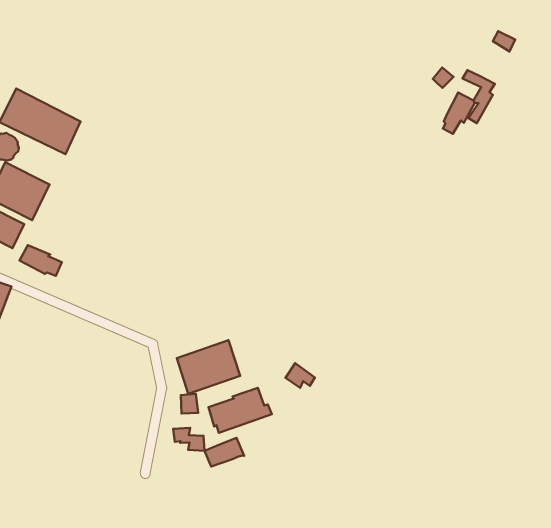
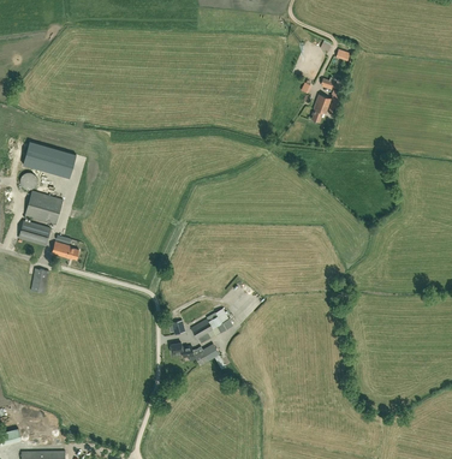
building: [177,340,240,394] -> none

